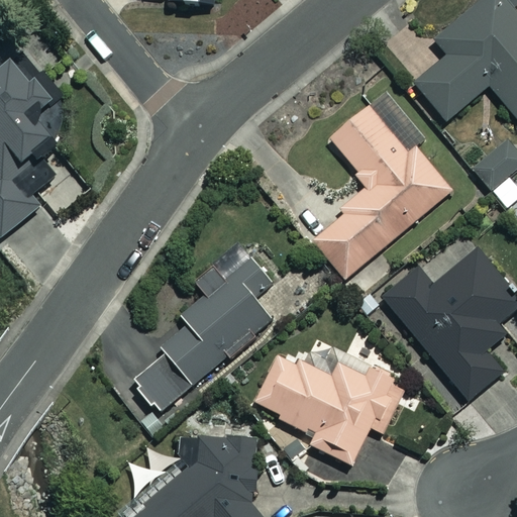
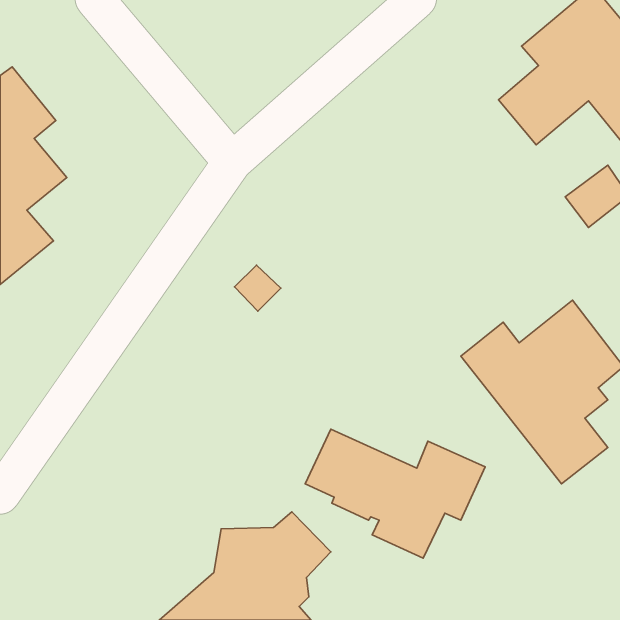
building: [313,105,451,278] -> none
building: [133,244,272,410] -> none

